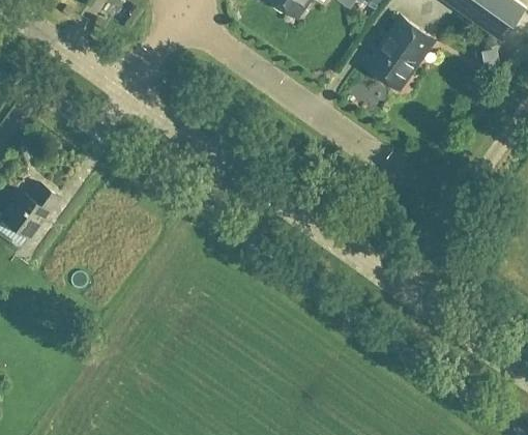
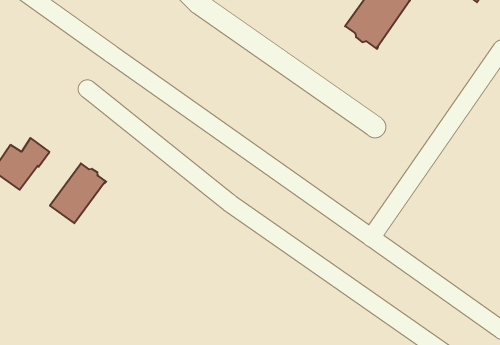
building: none -> [50,163,106,223]

